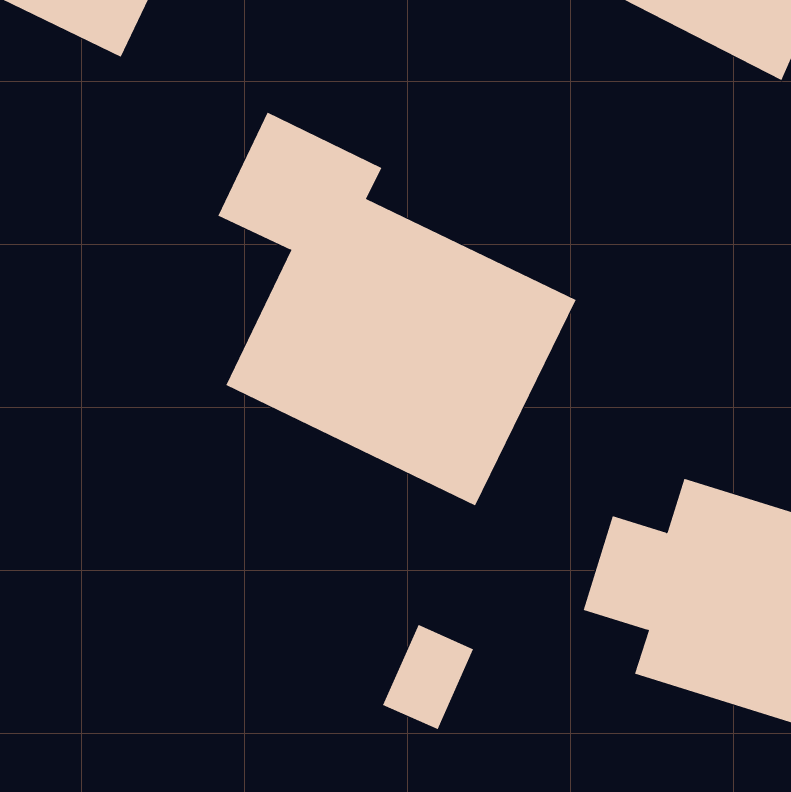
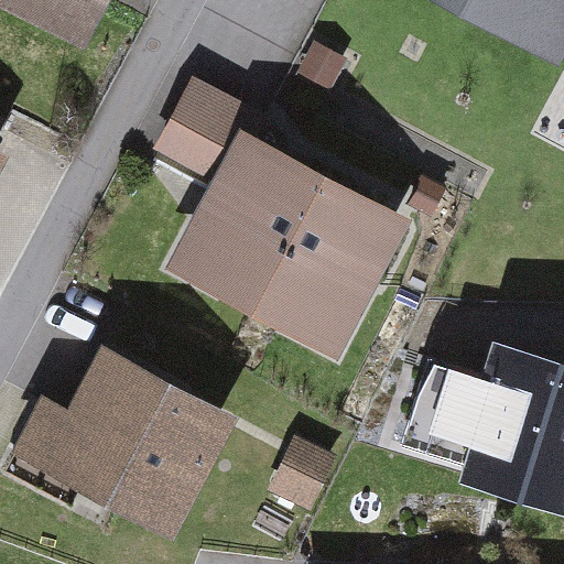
building: none -> [9,341,236,544]

